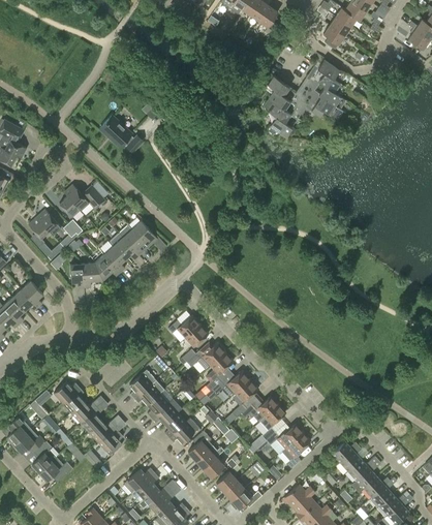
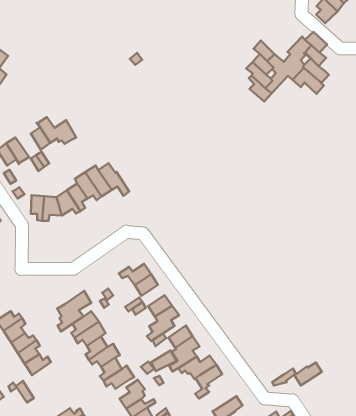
building: [99,116,143,153] -> none
building: none -> [57,291,91,332]
building: [255,424,303,453] -> [272,363,322,385]
building: [97,427,123,456] -> none

